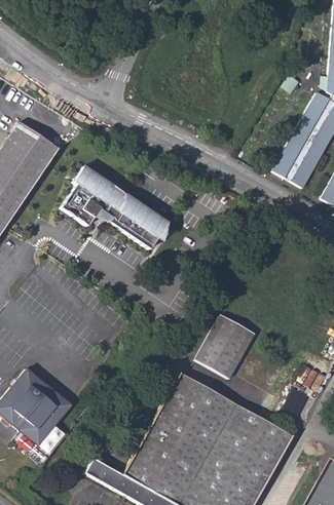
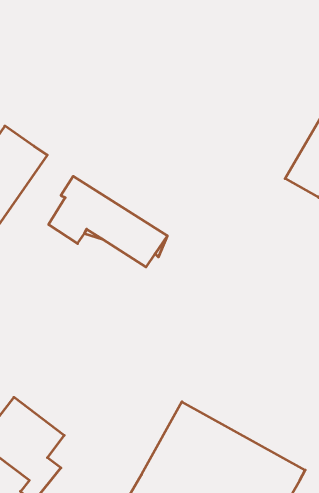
building: [193,316,251,379] -> none

